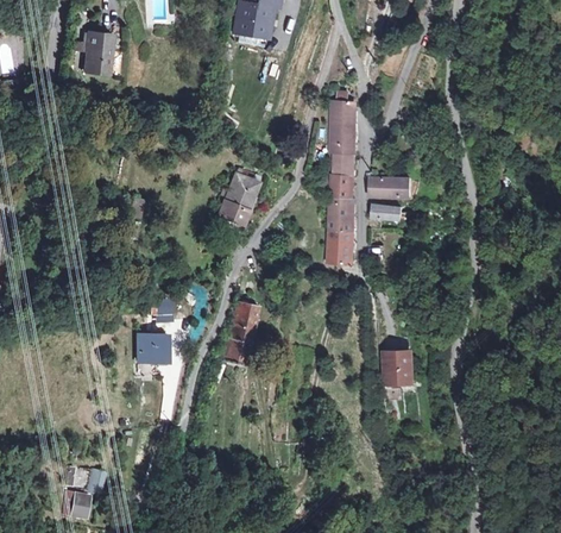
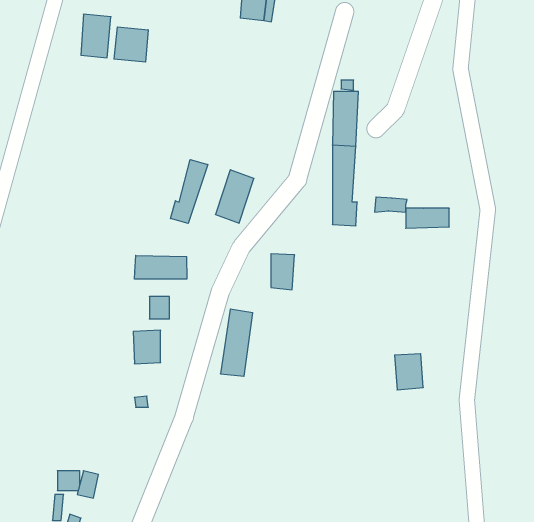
building: none -> [114,27,148,62]
building: none -> [171,160,208,223]
building: [367,176,409,195] -> [406,208,449,228]
building: [329,230,352,264] -> [271,254,295,290]
building: none -> [135,255,187,279]

